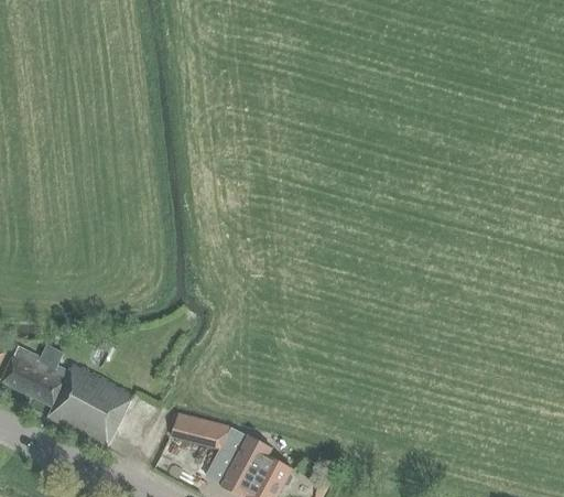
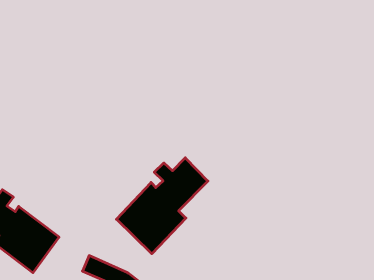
building: none -> [116,158,208,254]

